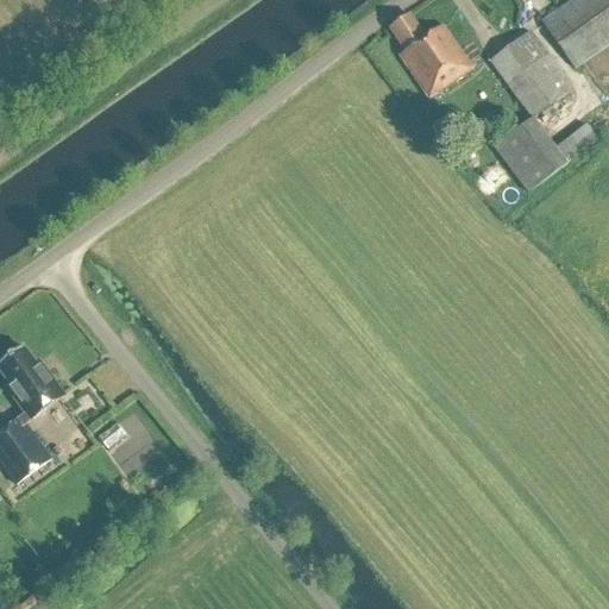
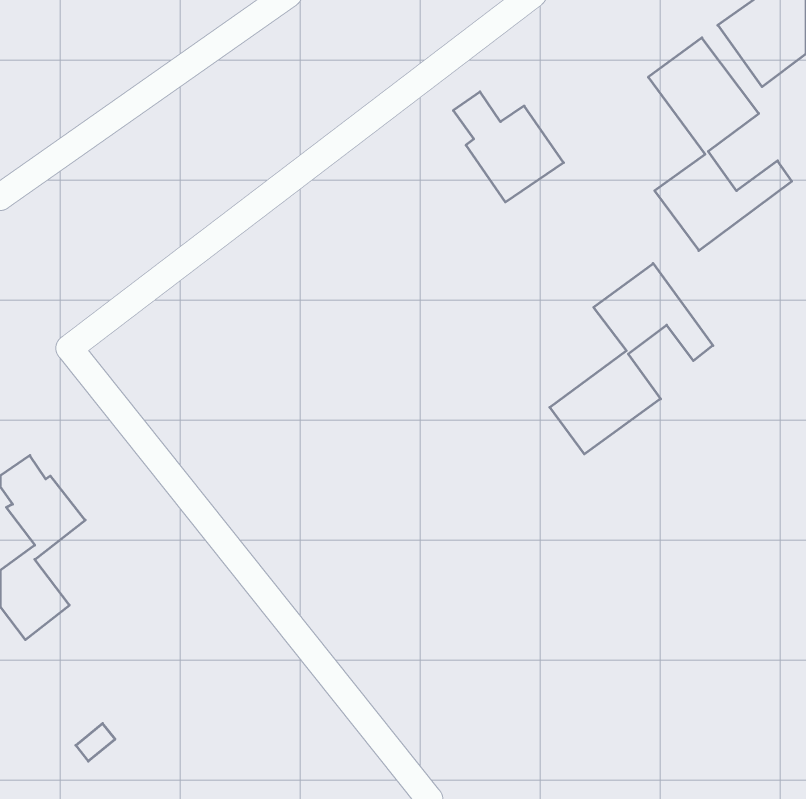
building: [389,12,472,95] -> [453,92,564,202]
building: none -> [550,263,713,454]

